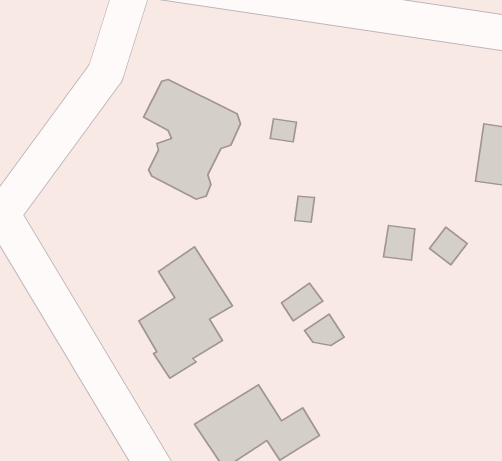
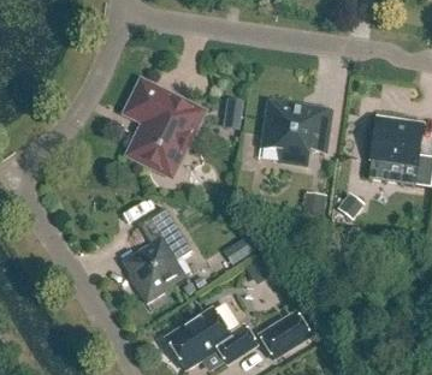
building: none -> [262,100,331,163]
building: none -> [259,310,310,357]

